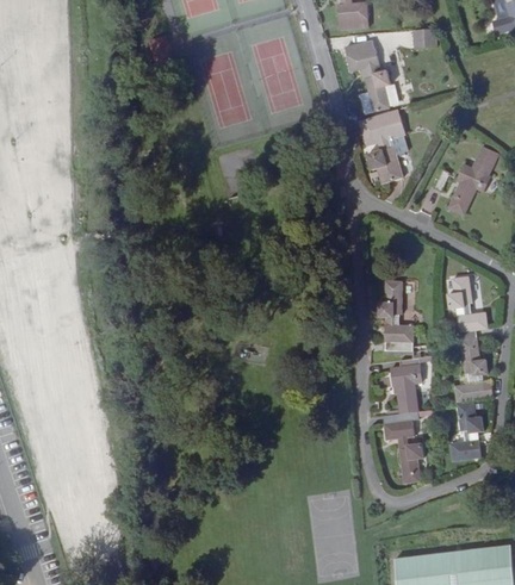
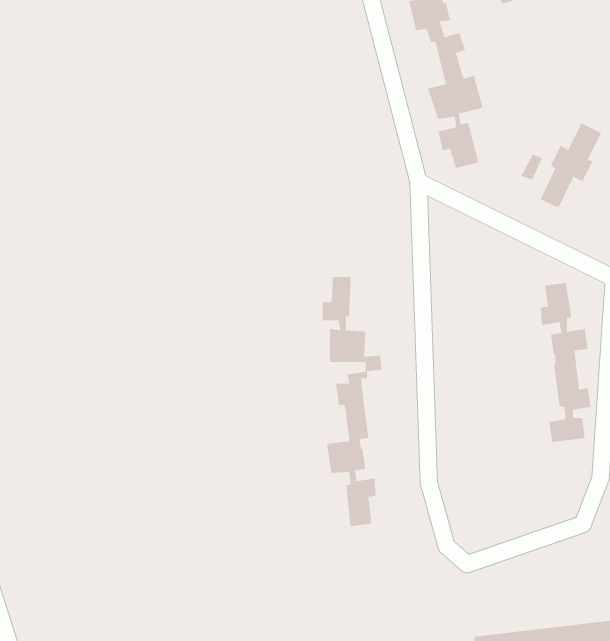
building: [383,282,432,484] -> [322,277,382,527]
building: [453,403,486,461] -> none

